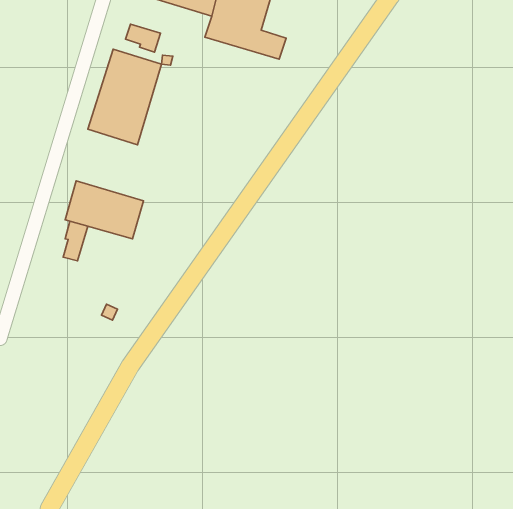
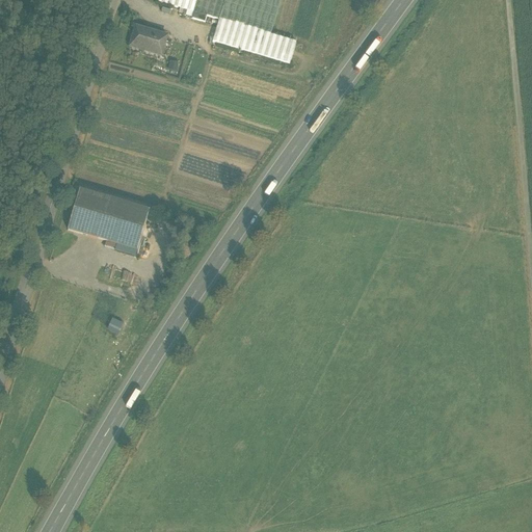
building: [88,49,162,145] -> none
building: [63,221,88,261] -> none

